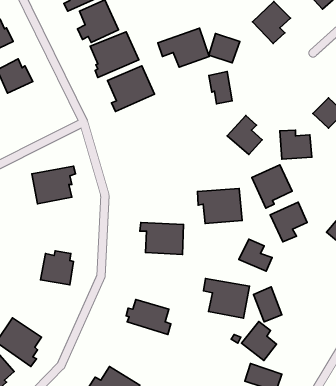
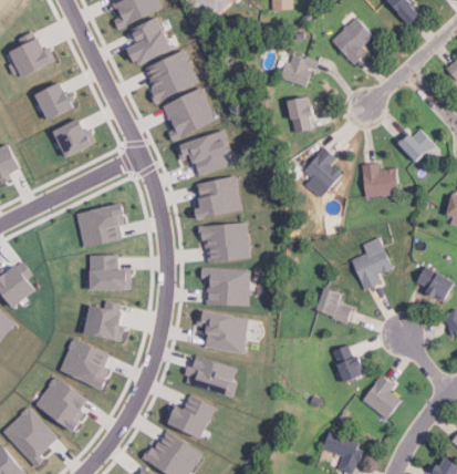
building: [158,28,209,67] -> [176,131,235,175]
building: none -> [54,117,96,159]
building: none -> [195,176,242,219]
building: [252,165,292,208] -> none
building: [197,188,242,224] -> [199,223,250,262]
building: none -> [91,256,131,291]
building: [204,278,249,318] -> [197,310,249,356]
building: none -> [61,339,110,389]
building: [241,322,276,361] -> [359,374,398,419]
building: none -> [164,395,215,440]

